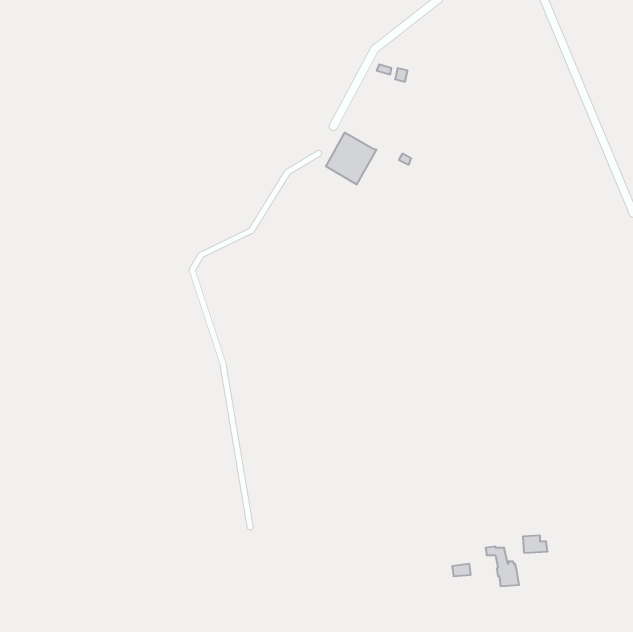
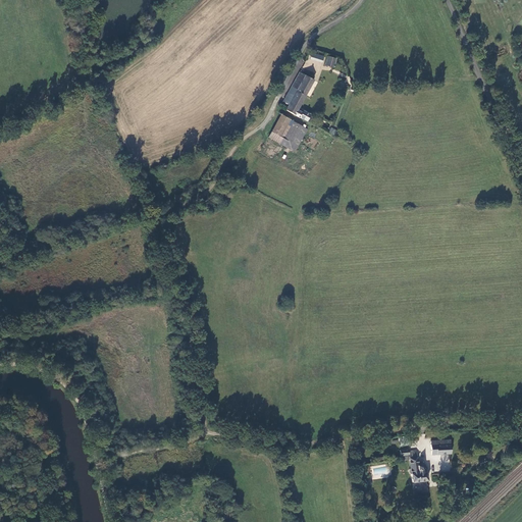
building: none -> [282,71,314,122]

